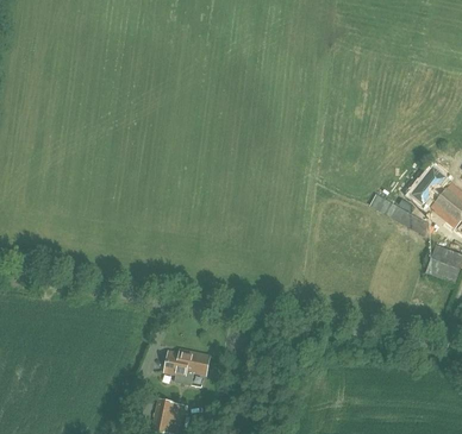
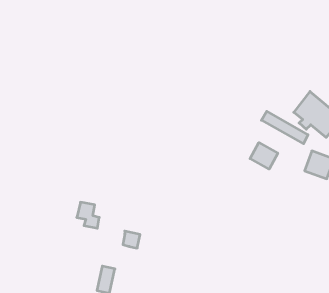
building: none -> [250,143,278,169]
building: [164,351,194,385] -> [77,202,99,228]

